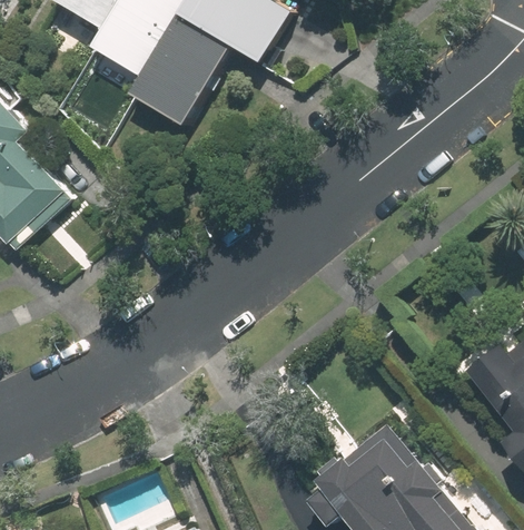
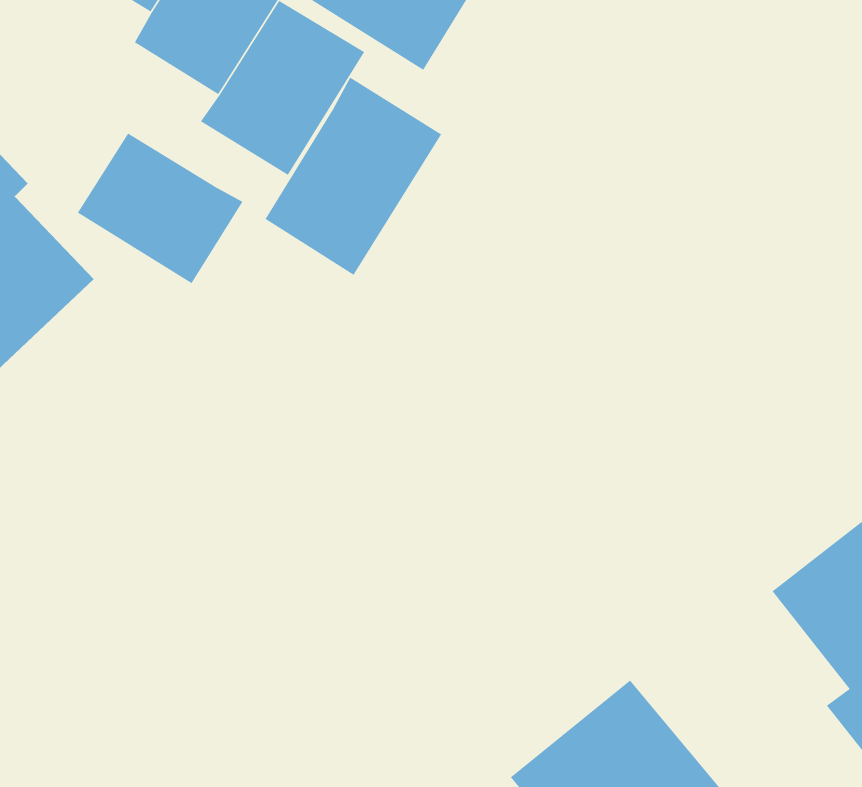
building: none -> [264,77,442,276]
building: none -> [77,132,244,284]

